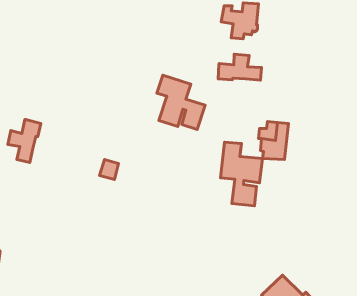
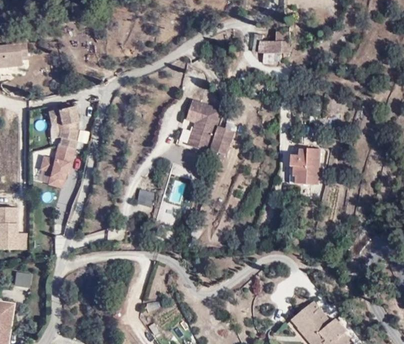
building: [218,54,261,80] -> none
building: none -> [48,107,76,150]
building: [221,142,262,206] -> none

